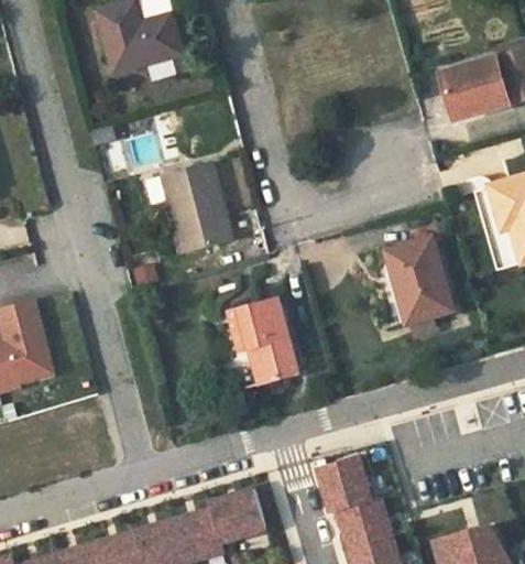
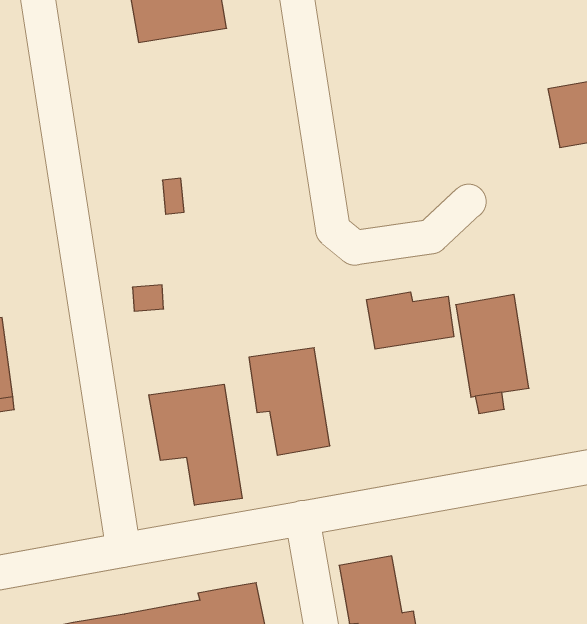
building: [161,162,230,253] -> none
building: none -> [367,292,454,349]
building: none -> [149,384,242,505]

